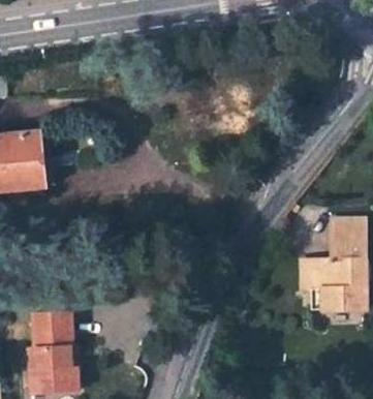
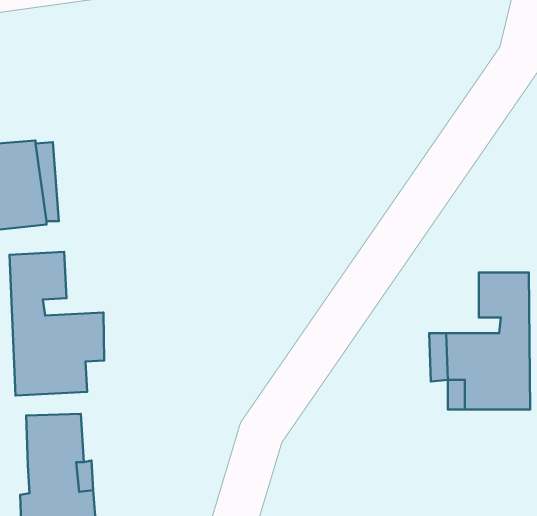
building: none -> [10,252,104,395]

